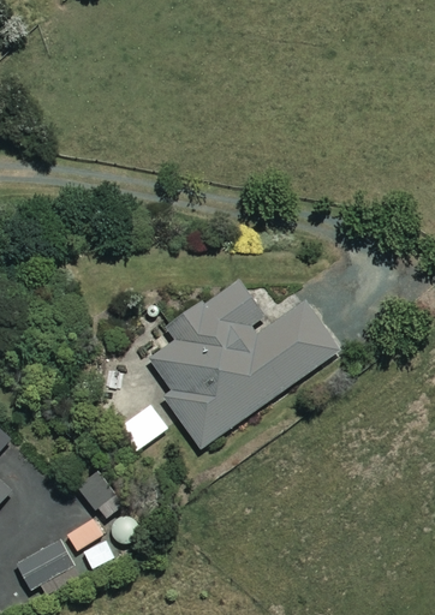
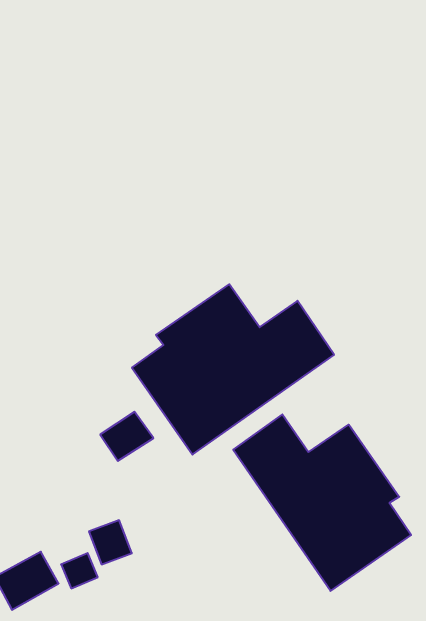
building: none -> [233,414,411,591]

